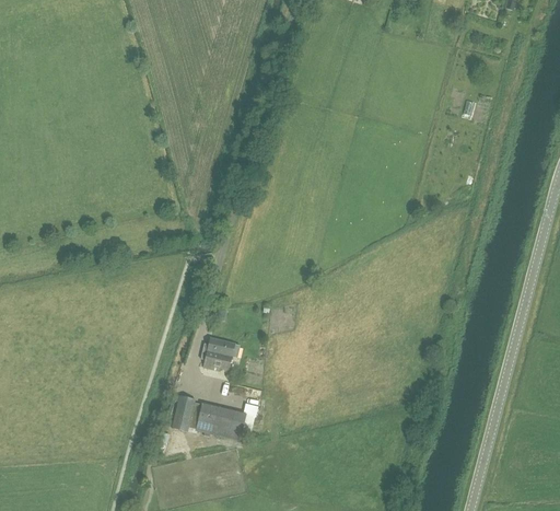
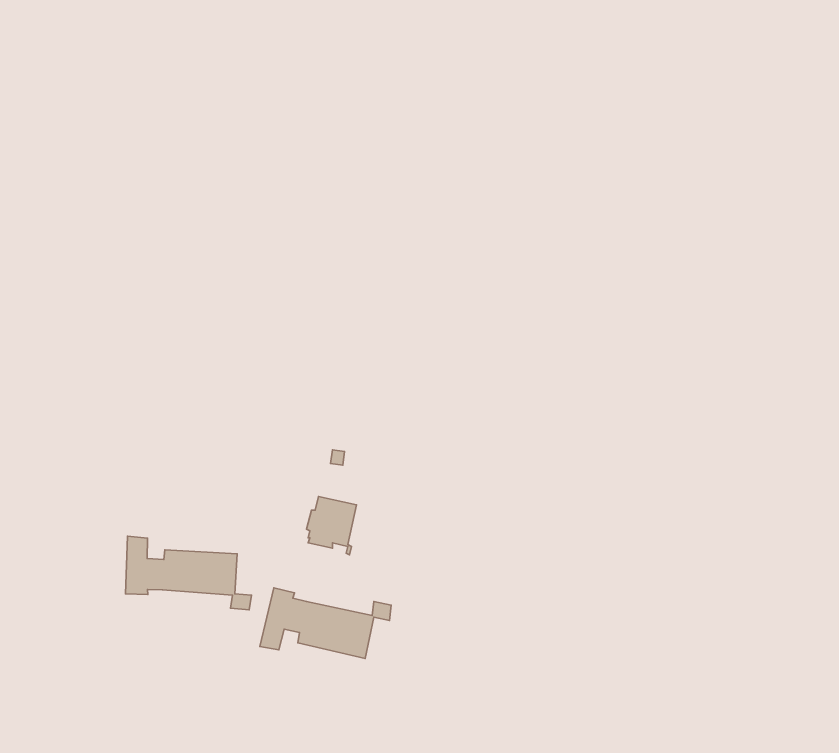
building: none -> [125,536,252,610]

